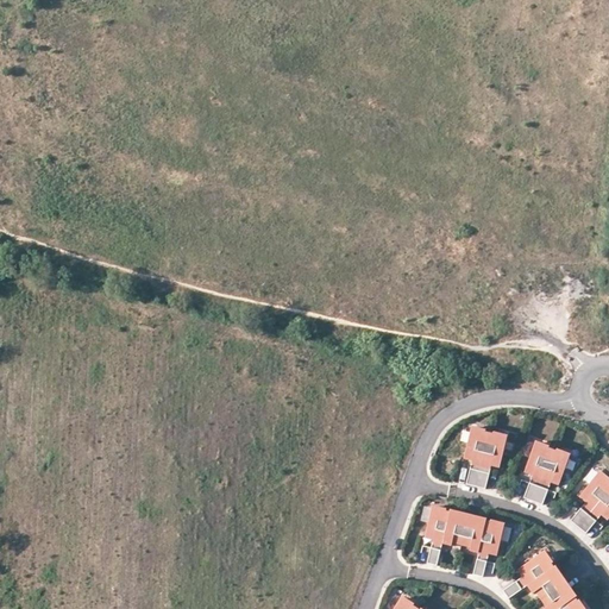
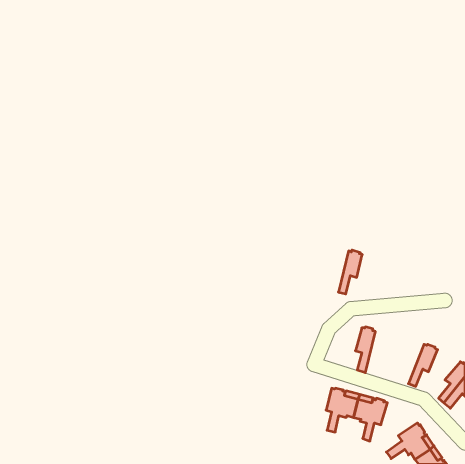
building: [476,431,507,488] -> [338,250,362,294]
building: [523,441,552,500] -> none

